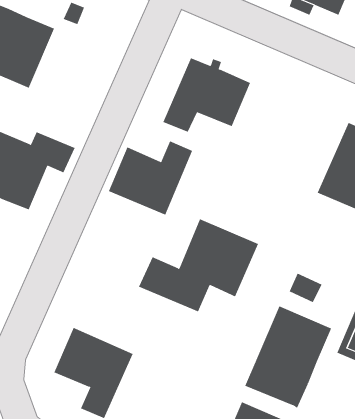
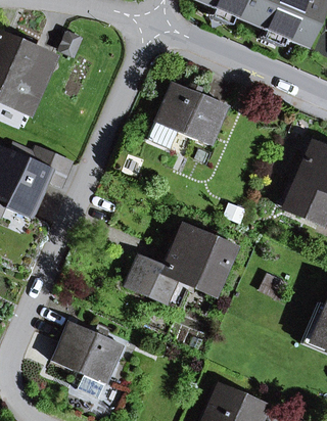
building: [108,141,193,216] -> none
building: [244,306,332,409] -> none

